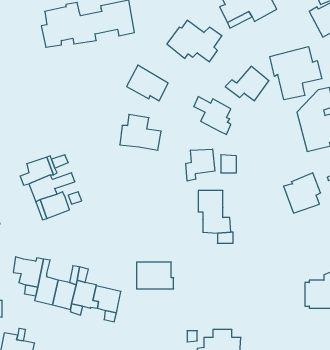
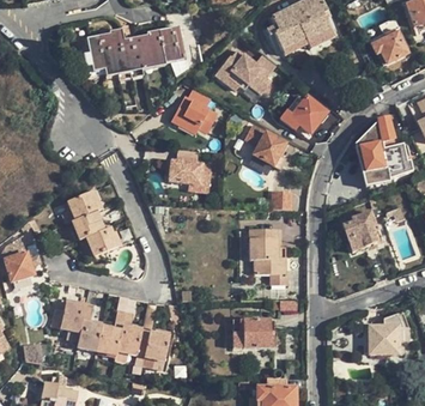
building: [270,47,322,100] -> none
building: [186,149,215,181] -> none
building: [137,262,174,289] -> [233,319,273,347]

